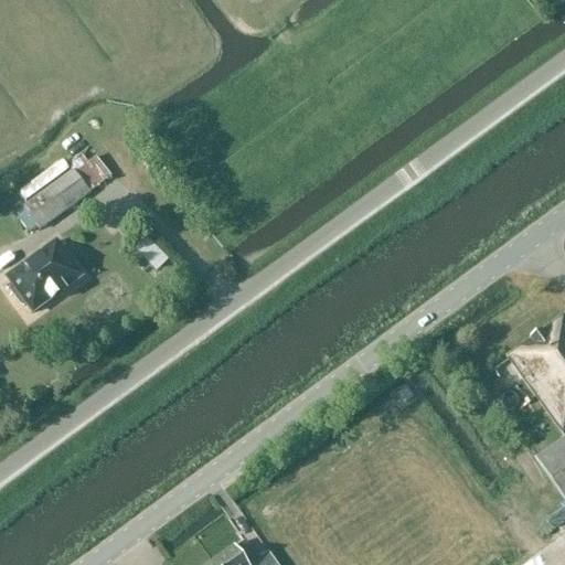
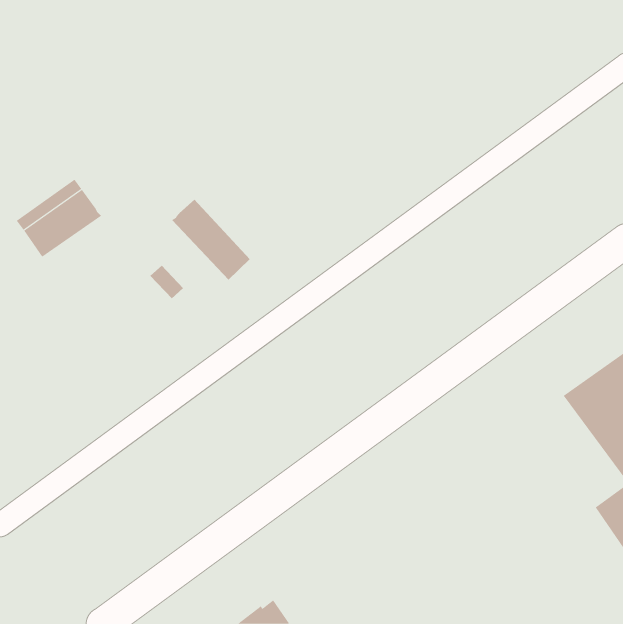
building: [71,152,113,191] -> none
building: none -> [171,199,251,280]
building: [8,236,84,309] -> none

